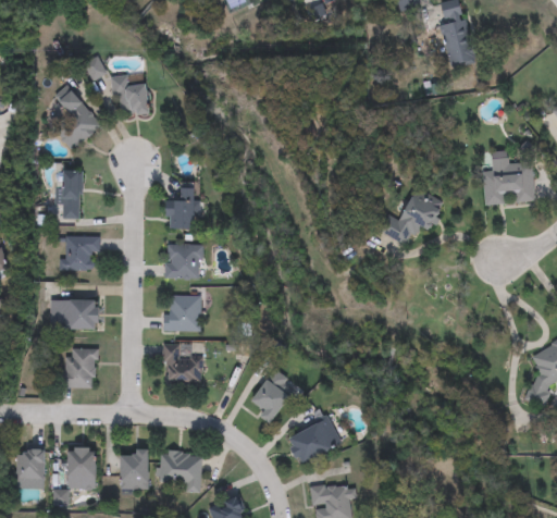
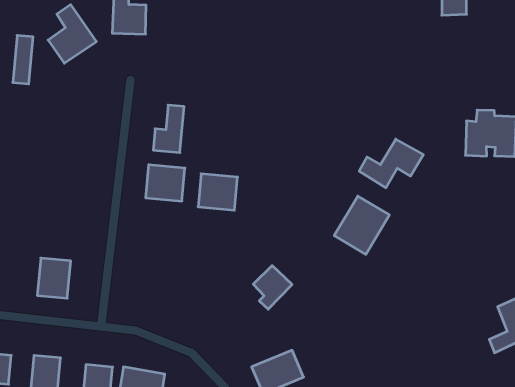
building: [63,170,79,218] -> [13,35,33,84]
building: [64,237,100,271] -> none
building: none -> [334,196,389,254]
building: [163,296,200,330] -> [198,174,238,210]
building: [50,300,98,329] -> none
building: [163,343,202,381] -> none
building: [252,379,292,423] -> [253,266,292,309]

